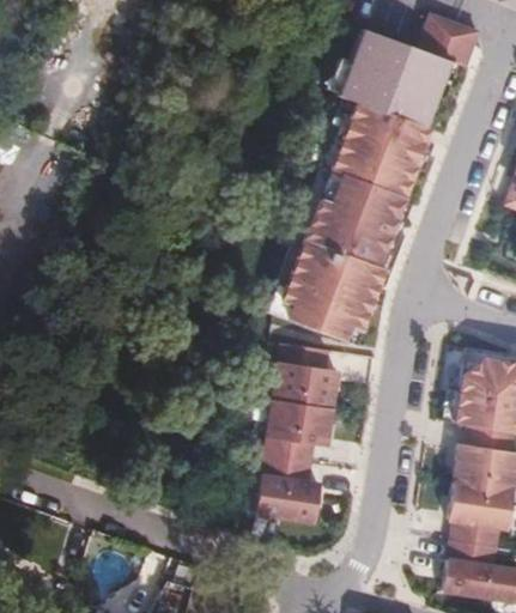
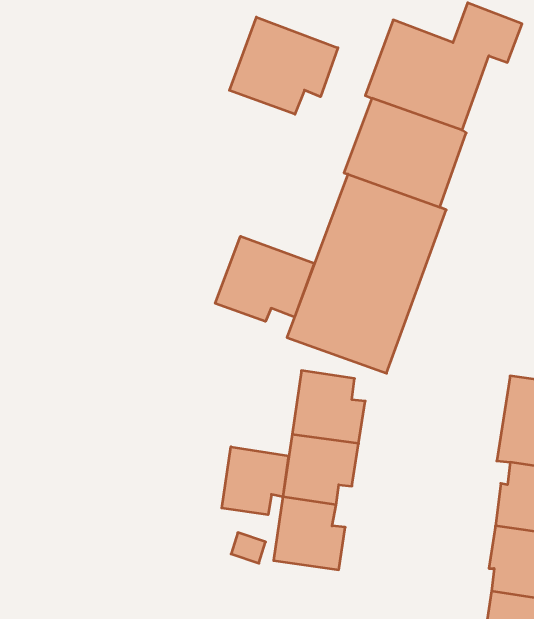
building: none -> [229,17,338,114]
building: none -> [215,236,314,321]
building: none -> [222,447,289,515]

